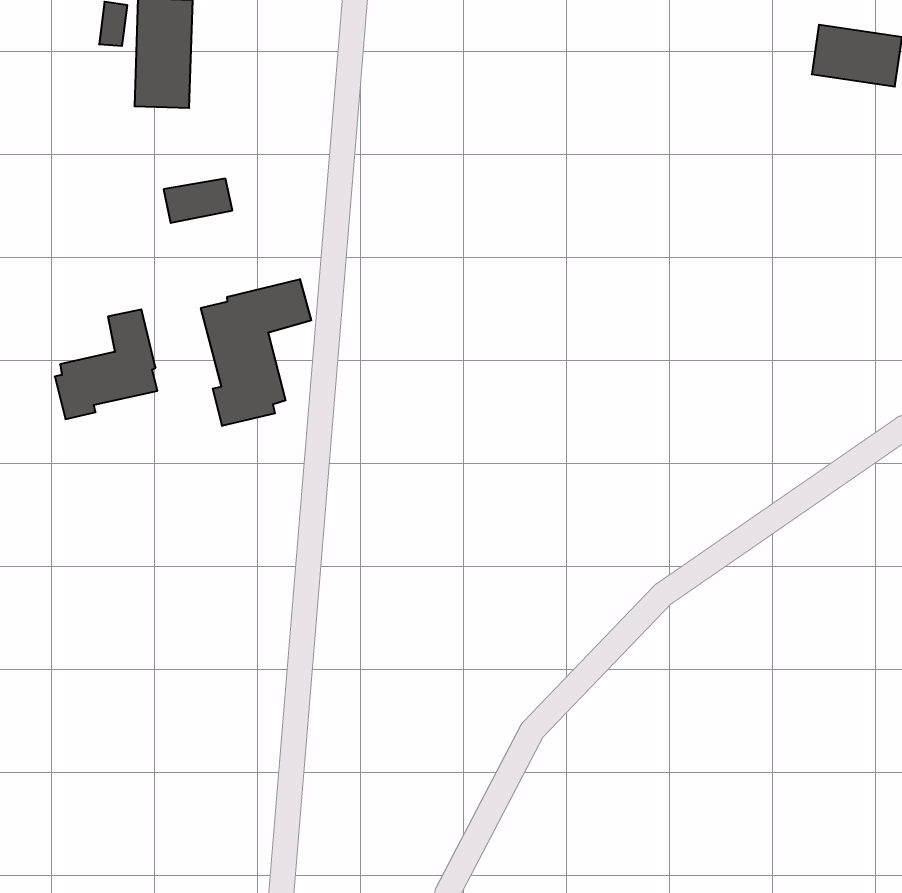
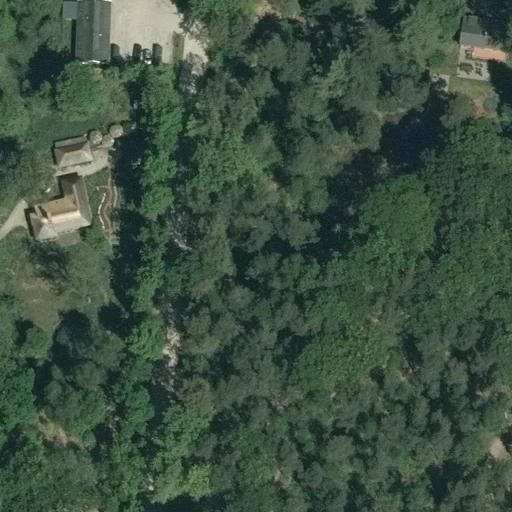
building: [164,179,232,223] -> [53,140,92,165]
building: [201,279,311,426] -> none

